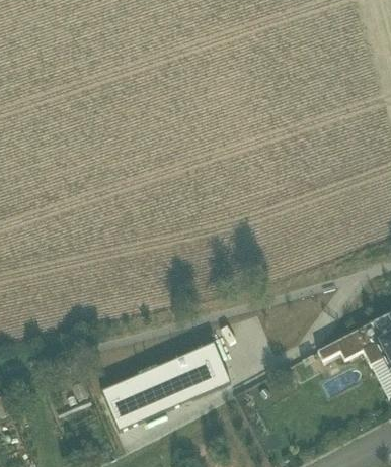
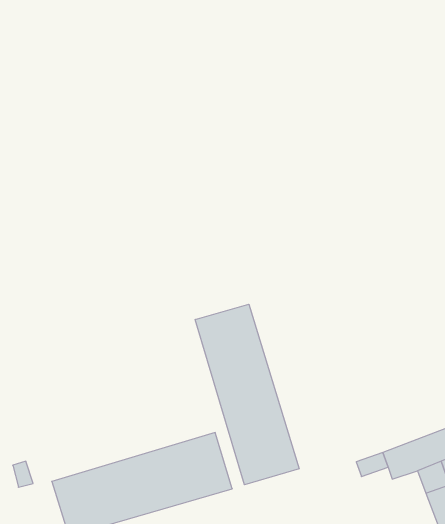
building: none -> [195,304,299,485]

